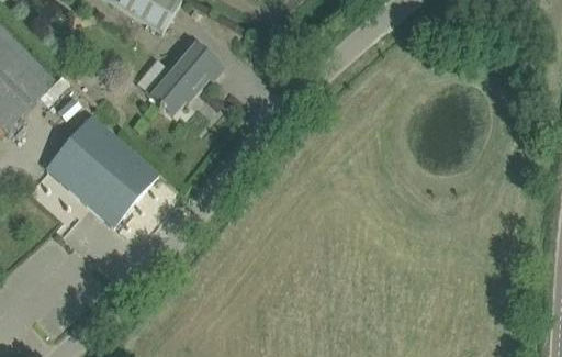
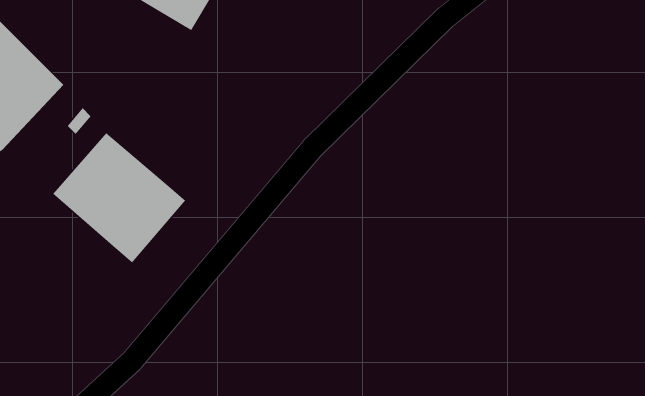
building: [144,37,218,113] -> none

